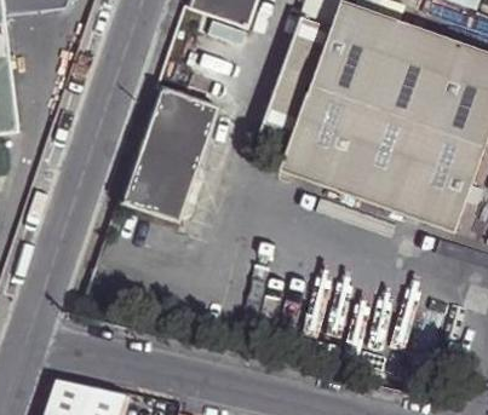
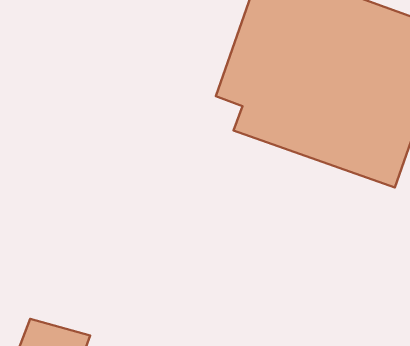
building: [124,87,219,220] -> none

